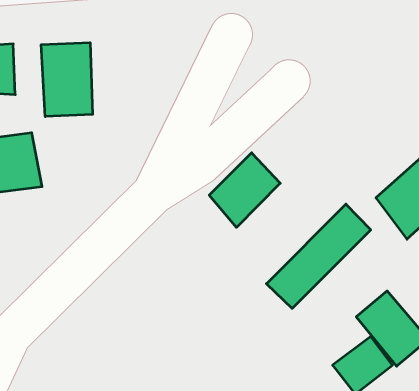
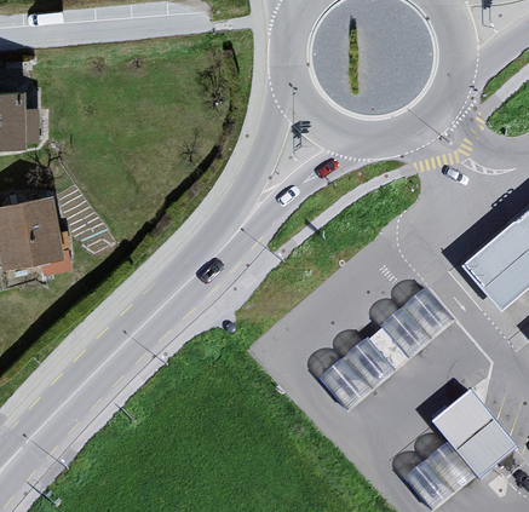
building: [41,43,93,117] -> none
building: [209,153,280,227] -> none

